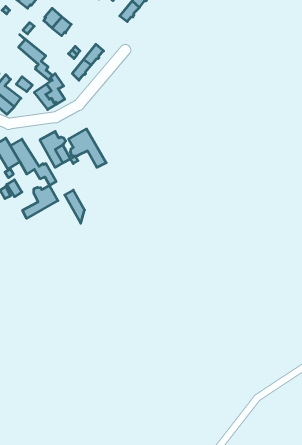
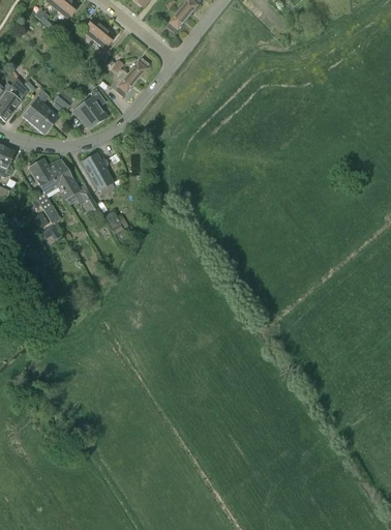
building: [19,35,52,80] -> none
building: [69,129,106,167] -> none
building: [23,185,58,218] -> none

